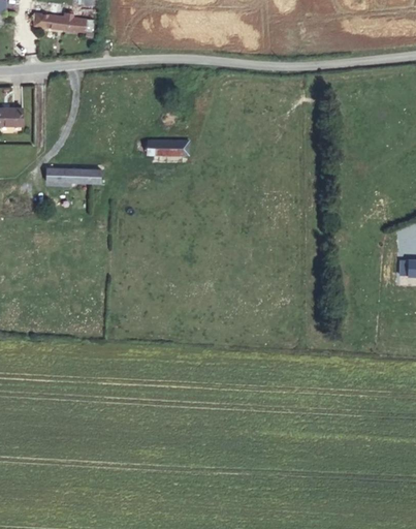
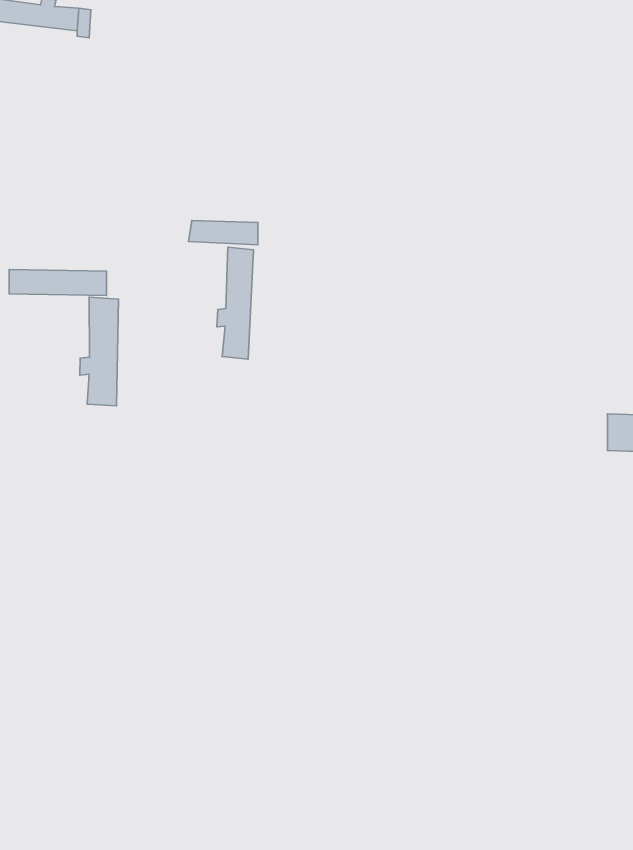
building: none -> [217,247,253,359]
building: none -> [80,297,118,406]

